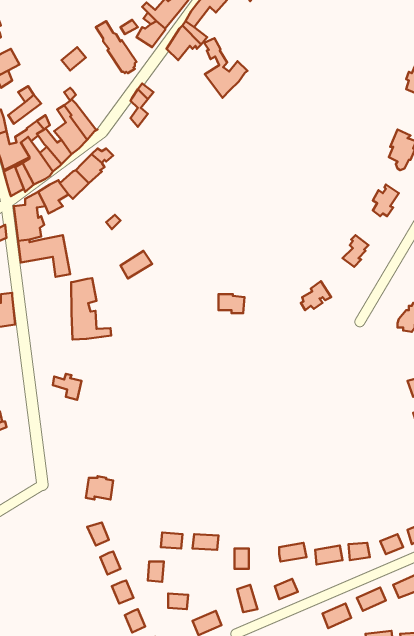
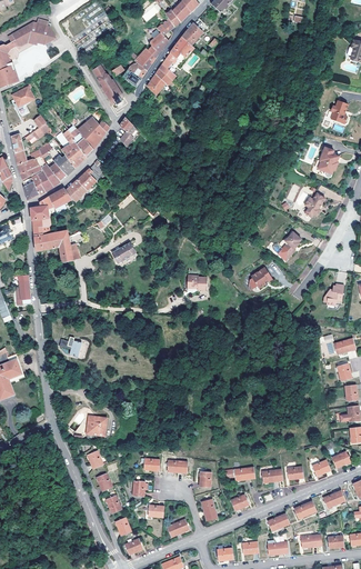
building: [204,38,247,98] -> none
building: none -> [78,117,110,149]
building: [71,278,111,339] -> none

